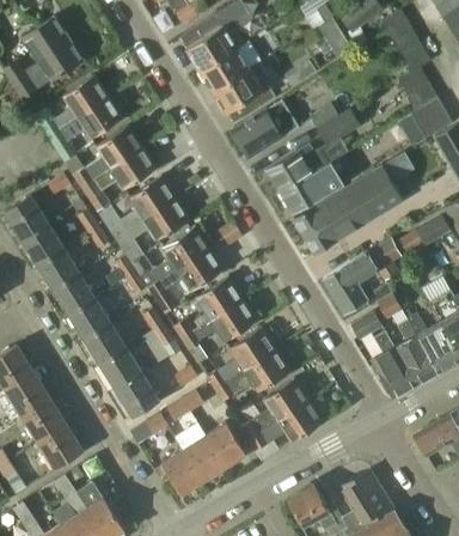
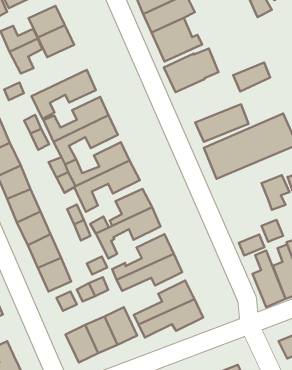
building: [73,126,141,187] -> none
building: [267,144,329,190] -> none
building: [323,251,378,313] -> none

